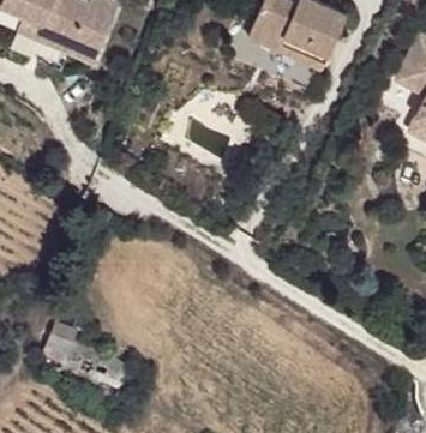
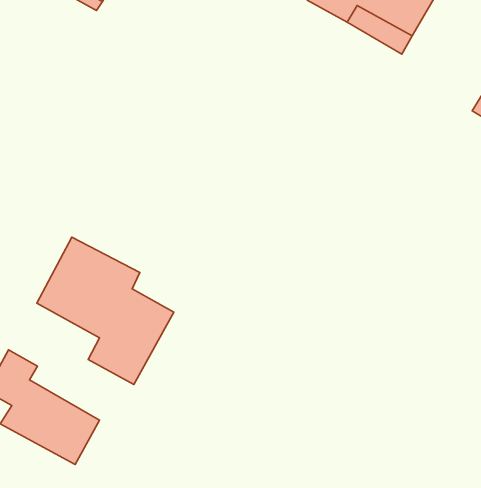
building: none -> [37,237,174,385]

